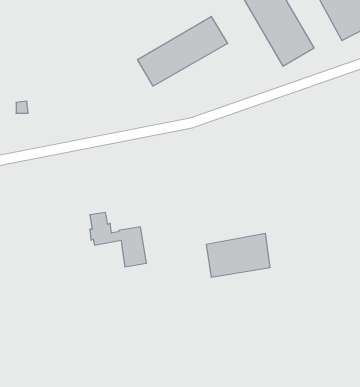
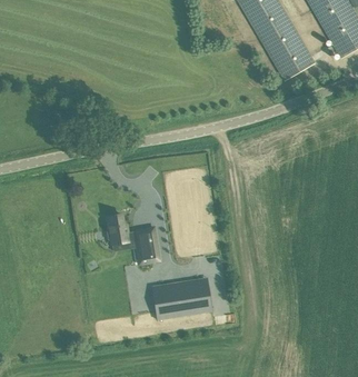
building: [138,16,228,86] -> none
building: [206,233,270,277] -> [151,278,210,318]

